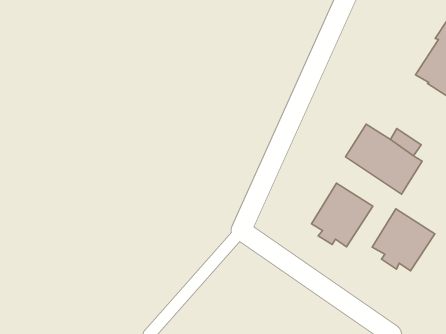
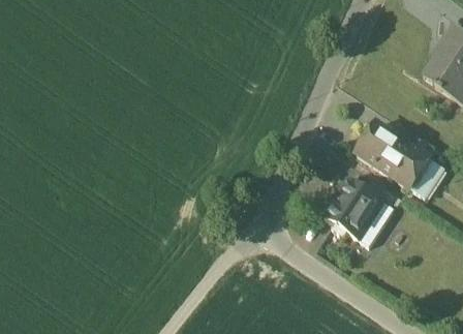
building: [372,209,435,271] -> none

